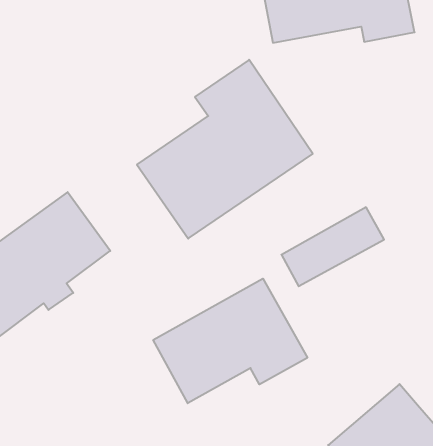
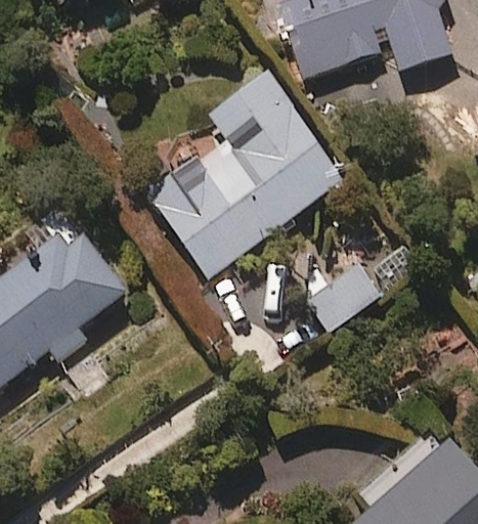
building: [153,279,307,403] -> none

